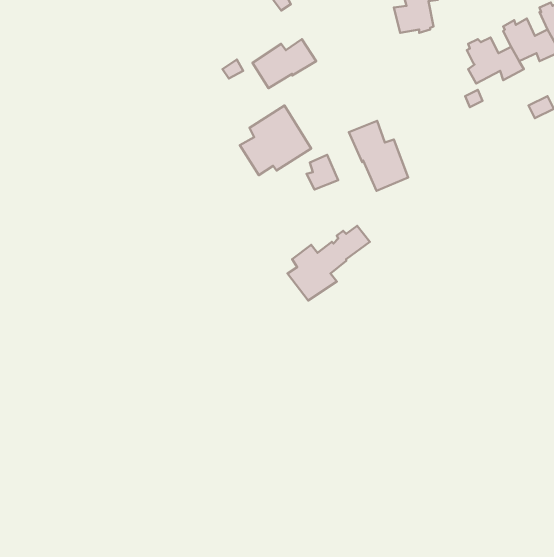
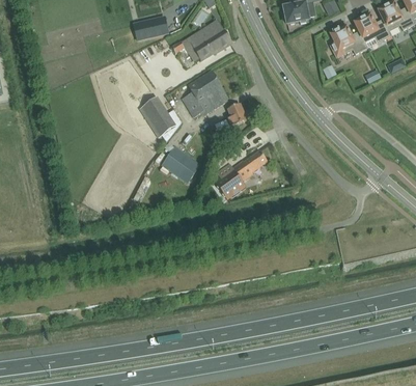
building: none -> [133,17,167,39]
building: [349,121,408,191] -> none
building: none -> [142,96,174,134]
building: none -> [162,147,198,181]

